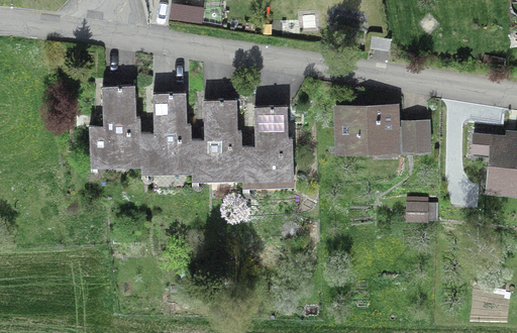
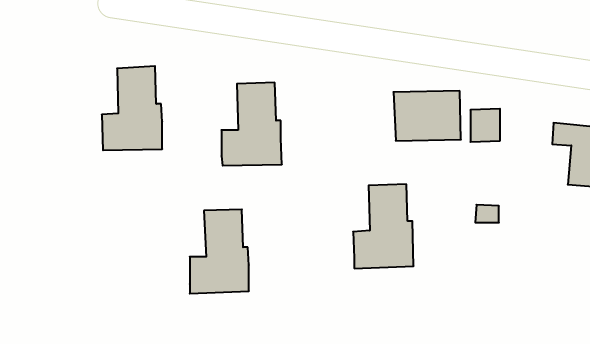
building: [140,93,191,164] -> [190,209,249,294]
building: [241,107,293,179] -> [353,184,414,268]

